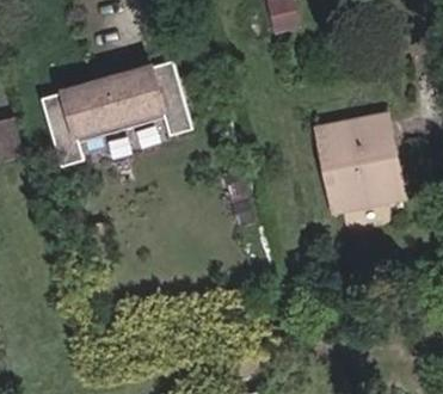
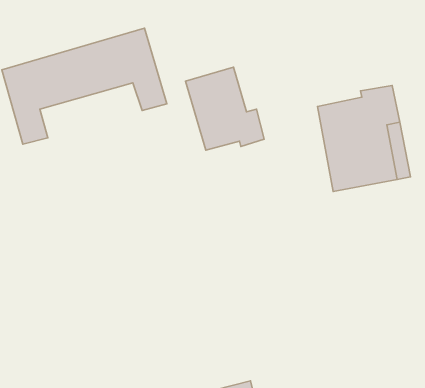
building: none -> [186,67,264,150]

